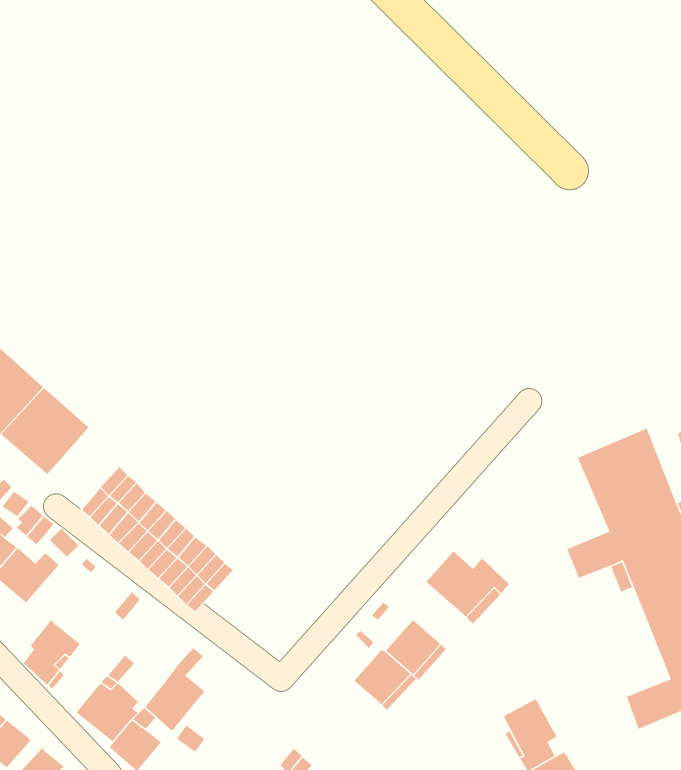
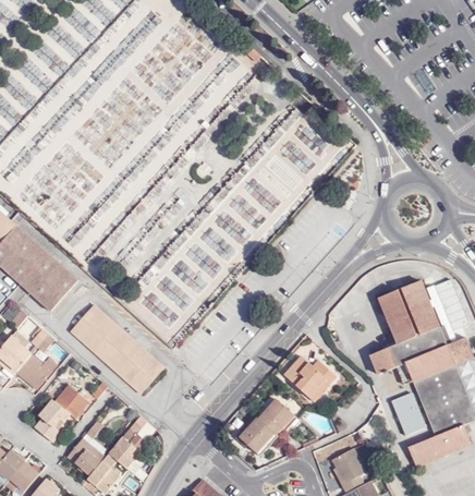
building: none -> [53,384,89,418]
building: none -> [390,391,425,435]

